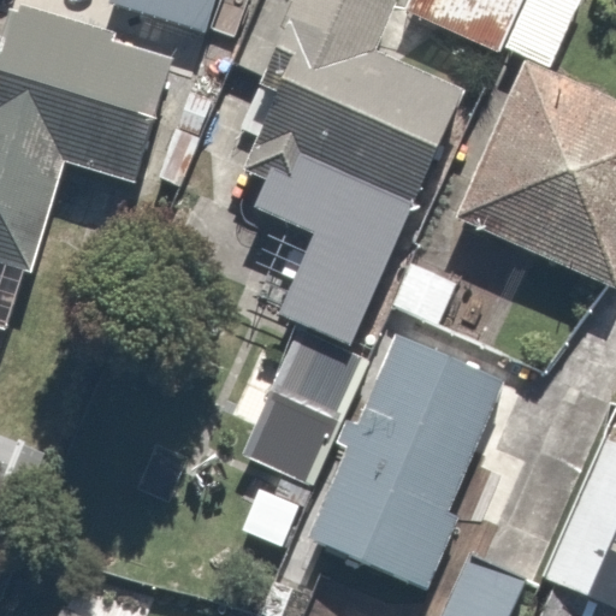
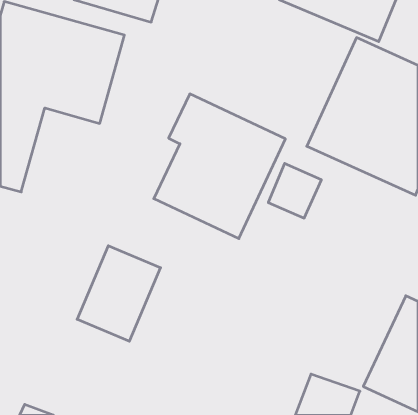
building: [279,32,470,199] -> none
building: [242,334,365,475] -> [77,246,161,341]
building: [306,338,515,584] -> none

